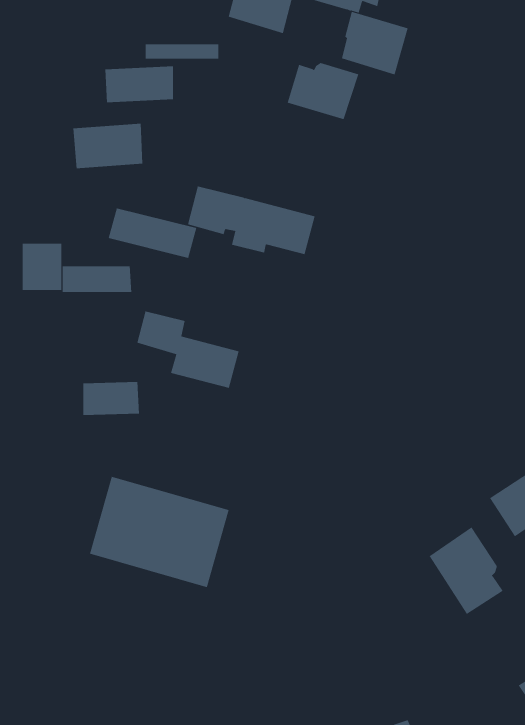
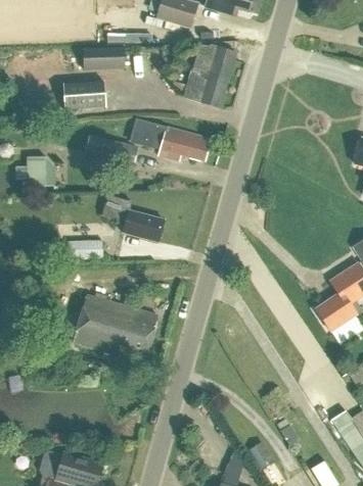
building: [341,11,409,75] -> [186,68,227,107]
building: [62,266,132,293] -> none
building: [429,526,503,615] -> none

